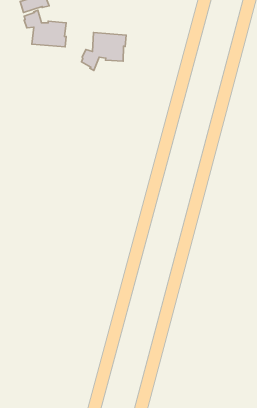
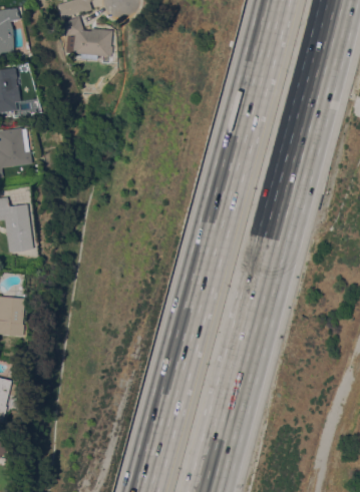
building: [82,33,126,71] -> none

